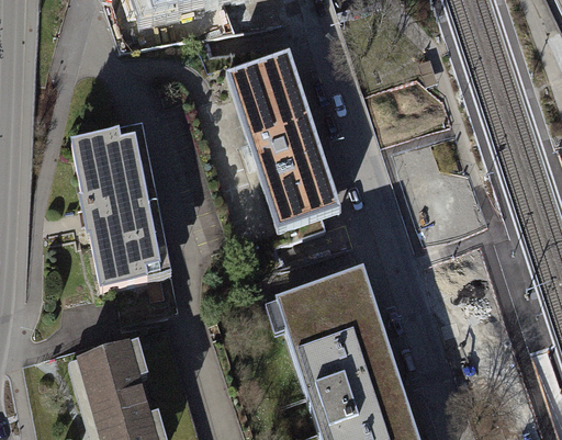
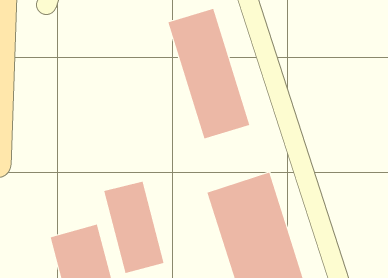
building: [71,124,167,286] -> none
building: none -> [103,181,164,274]

